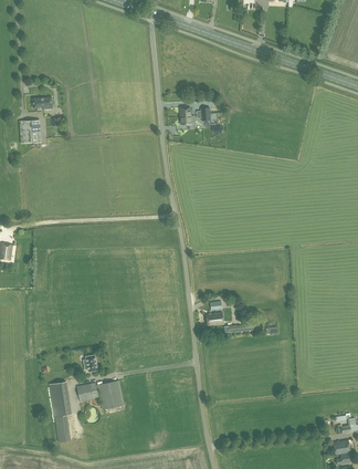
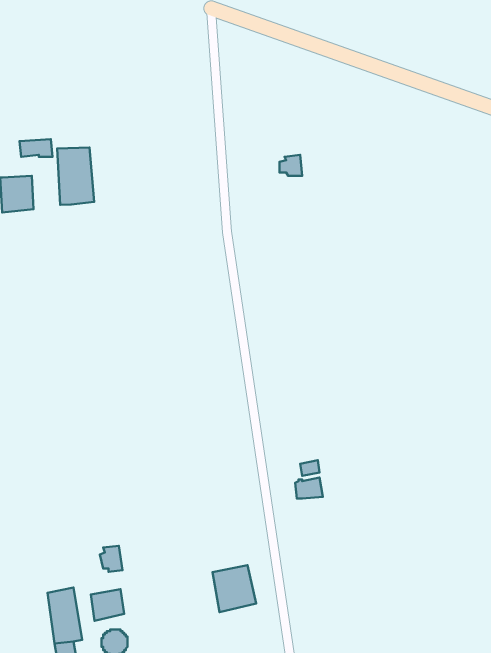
building: none -> [57,148,94,205]
building: [96,379,124,409] -> [213,565,256,612]

